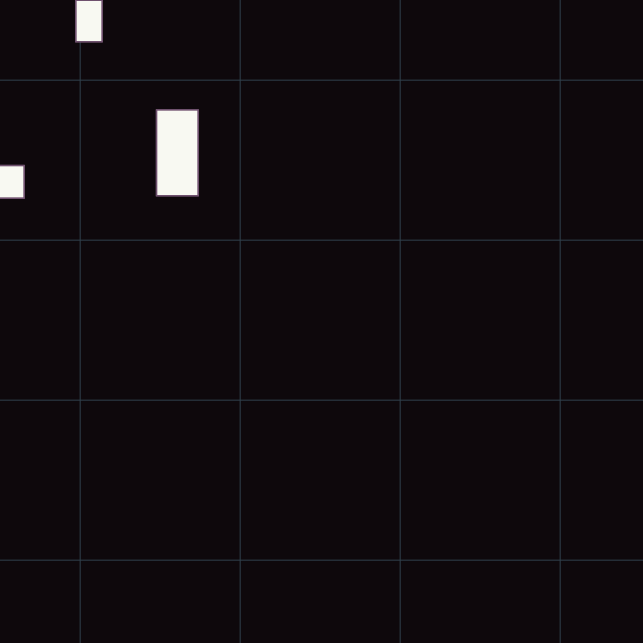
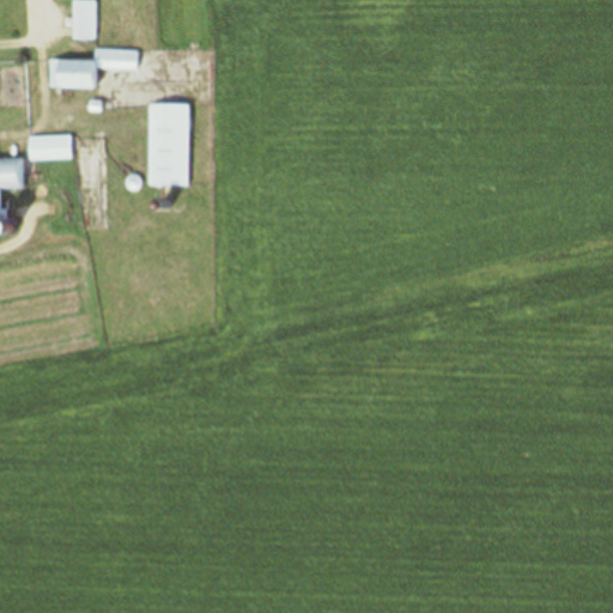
building: none -> [49,49,138,87]
building: none -> [28,134,72,158]

